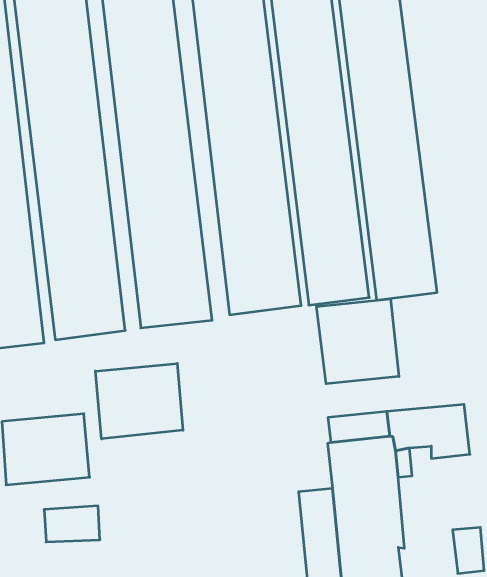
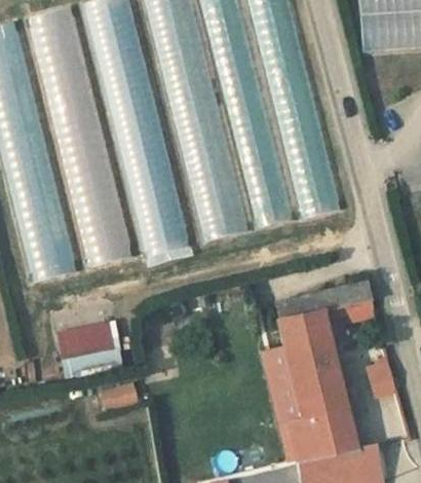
building: [316,299,399,384] -> none
building: [95,363,183,439] -> none

